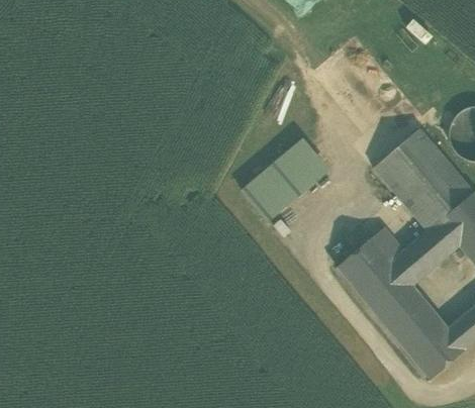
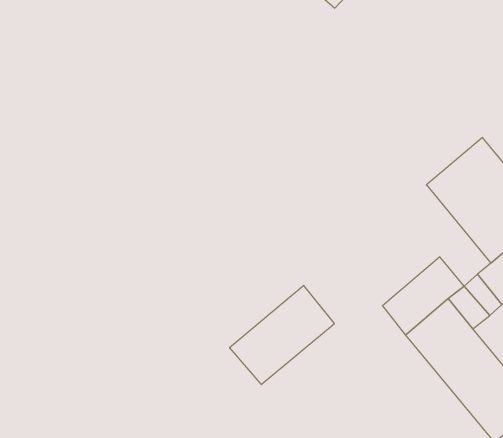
building: [242,139,328,221] -> [230,286,334,384]

